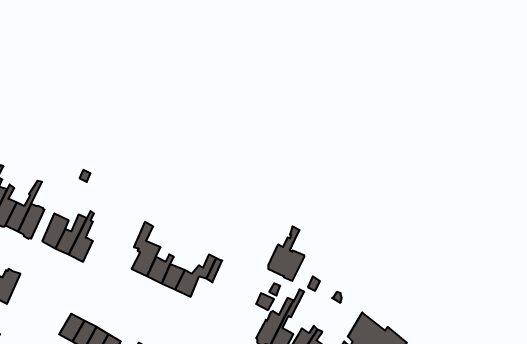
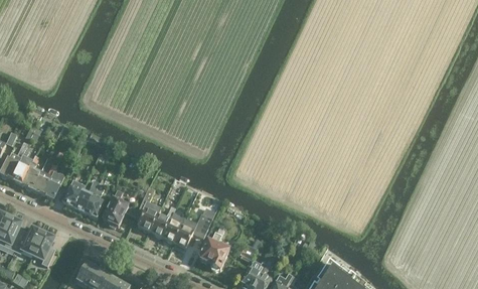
building: [268,226,304,281] -> [198,224,228,269]
building: none -> [101,189,128,227]
building: none -> [32,229,54,265]

